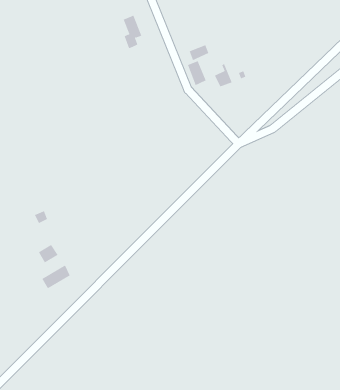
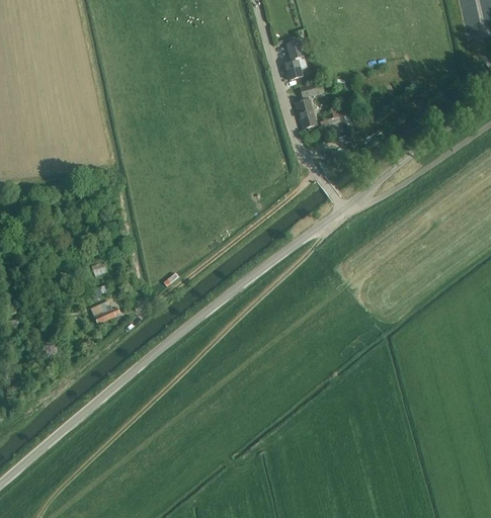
building: [123,15,142,49] -> [284,40,307,81]
building: [42,264,71,289] -> none

